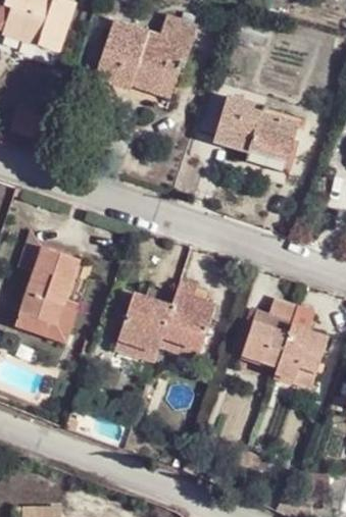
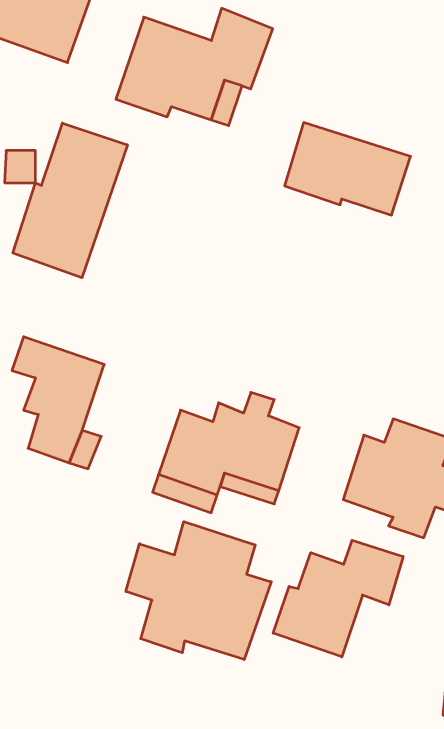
building: none -> [13,123,127,278]
building: none -> [126,522,271,660]
building: none -> [273,540,403,657]

